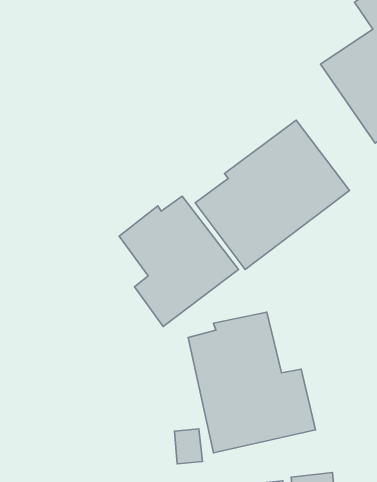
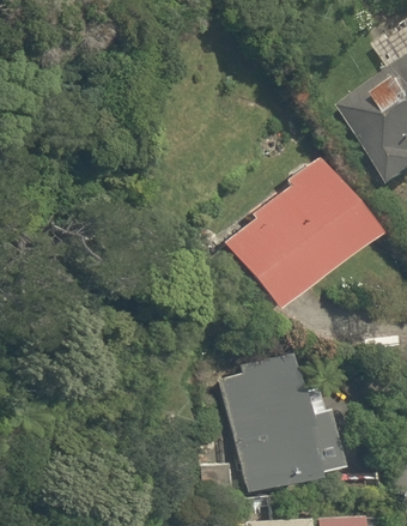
building: [119,196,238,326] -> none

